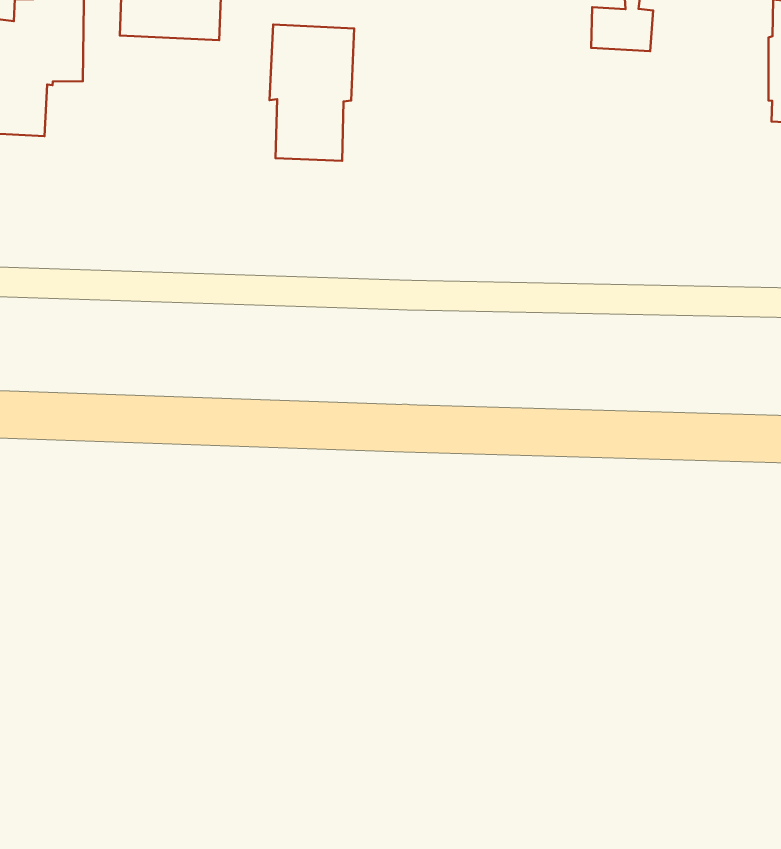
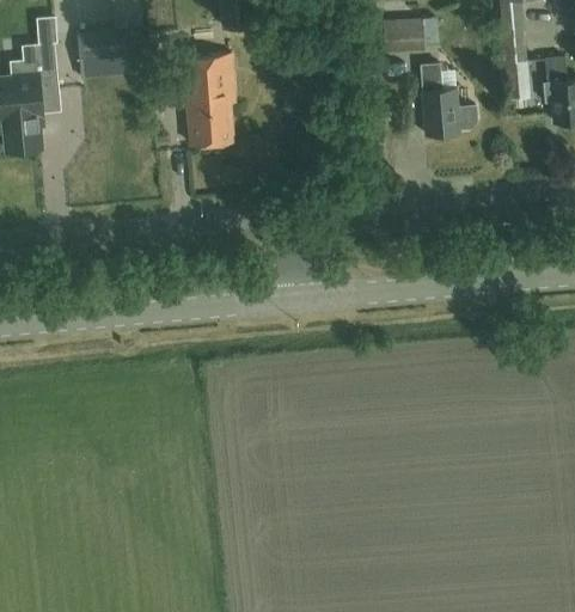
building: none -> [421,65,476,136]

